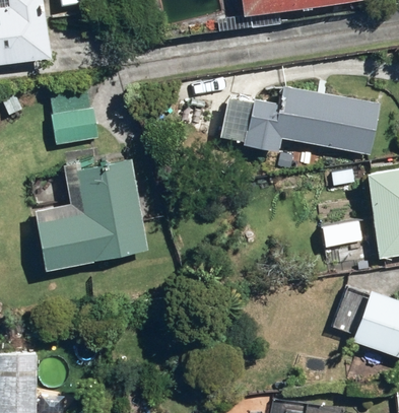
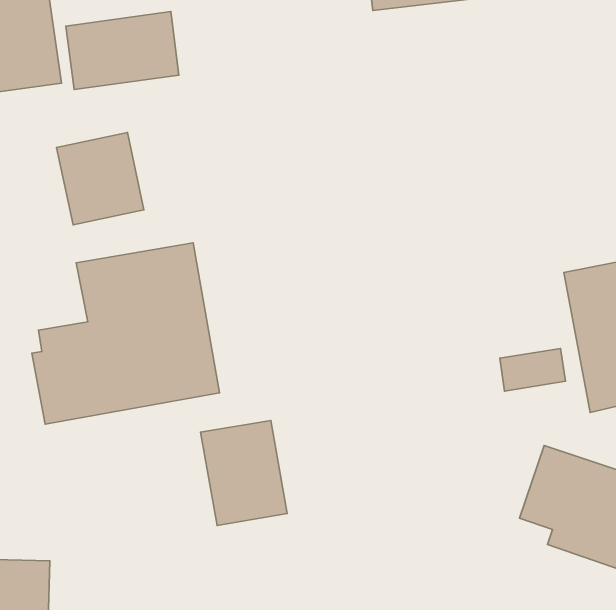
building: none -> [66,12,179,89]
building: [219,89,377,153] -> none
building: none -> [201,420,287,525]

